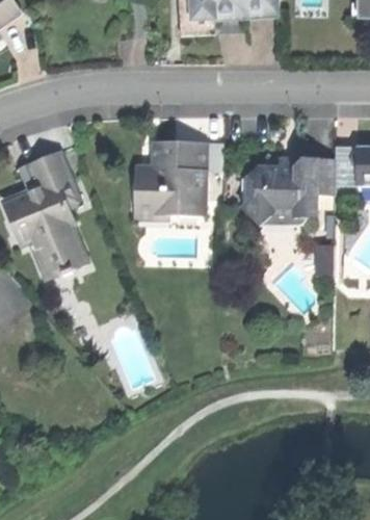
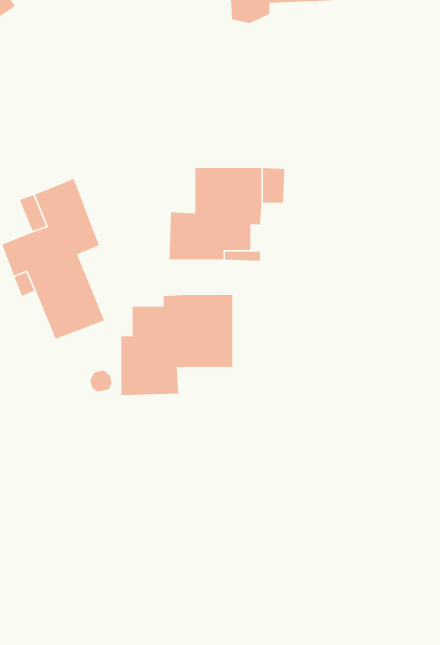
building: [240,158,334,226] -> none
building: none -> [121,294,233,396]

